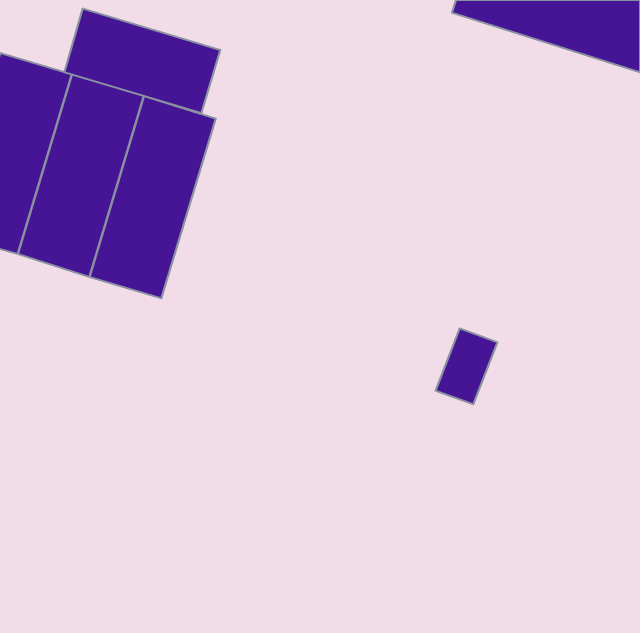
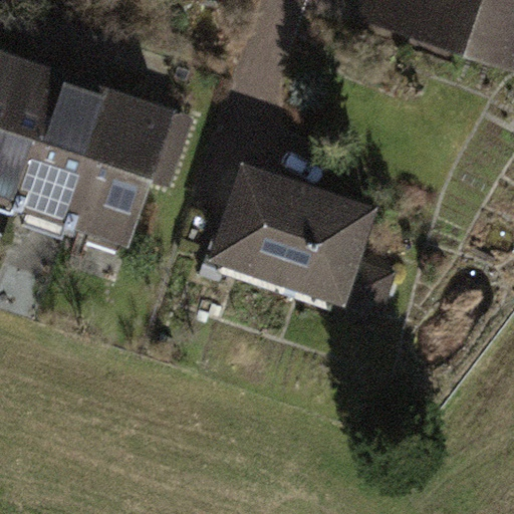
building: [65,8,220,113] -> none
building: none -> [209,166,379,309]

